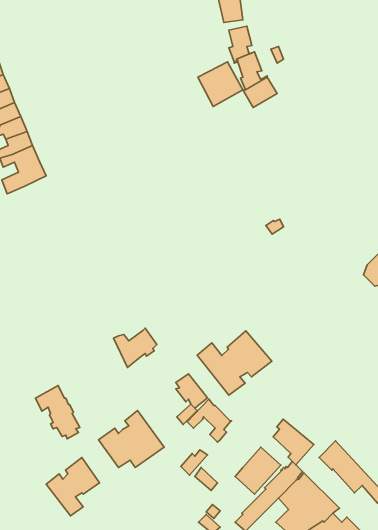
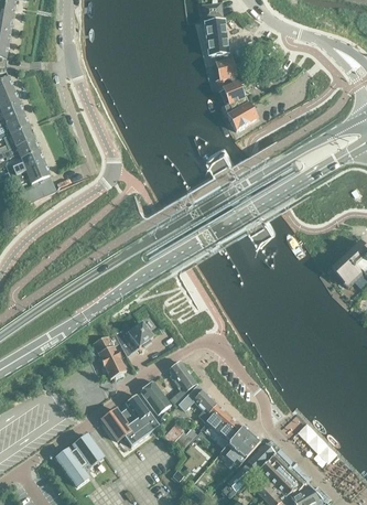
building: [198,62,243,107] -> none
building: [197,331,272,395] -> none
building: [35,386,80,439] -> [87,334,126,380]
building: none -> [140,380,171,413]
building: [273,419,314,465] -> [207,404,242,443]

